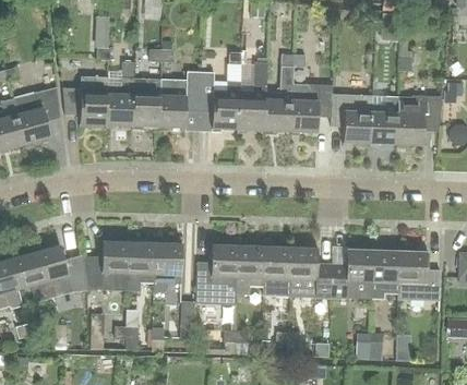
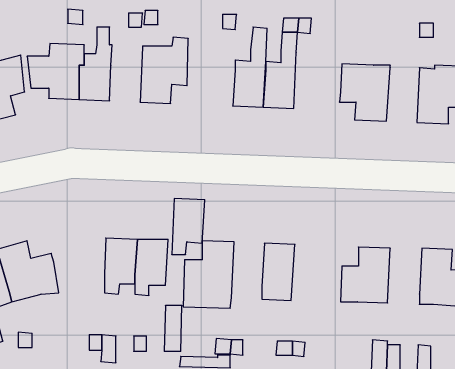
building: [199,72,240,132] -> none
building: [132,77,160,127] -> none
building: [290,84,332,133] -> none
building: [370,96,398,144] -> none
building: [82,242,129,290] -> none
building: [237,246,265,294] -> [172,199,205,254]
building: [288,249,332,298] -> none
building: [371,252,400,299] -> none

